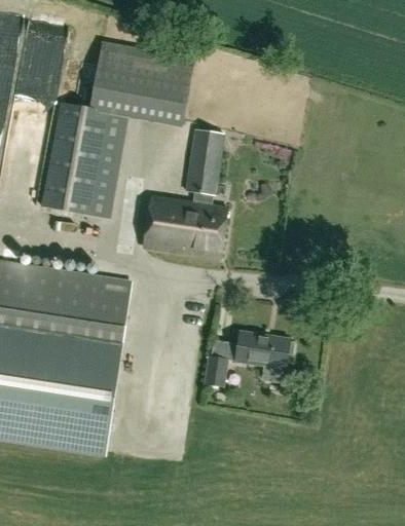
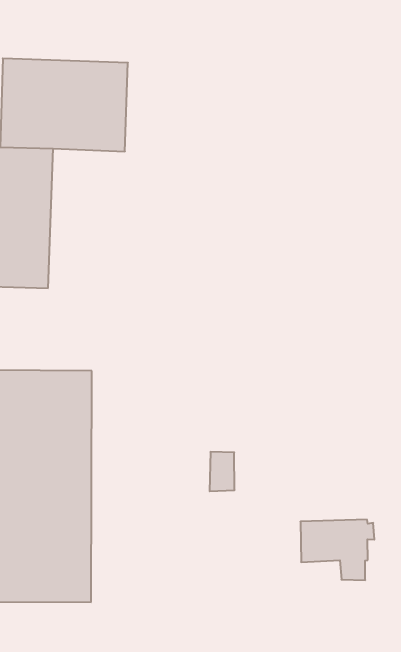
building: [143,129,226,257] -> none
building: [235,332,293,382] -> [300,520,374,580]

